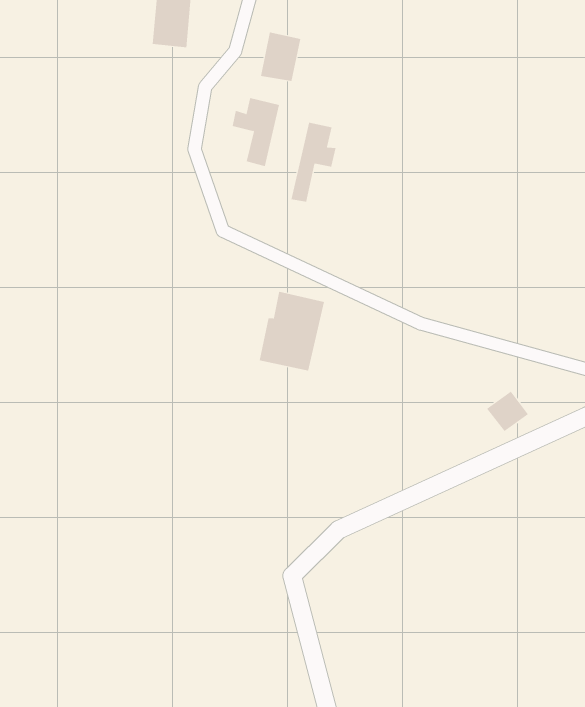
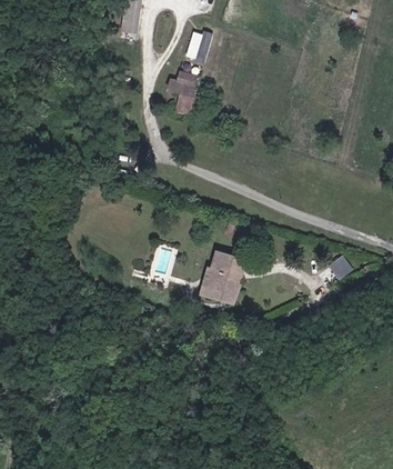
building: [291,122,336,202] -> none
building: [259,291,325,371] -> [202,252,243,302]

